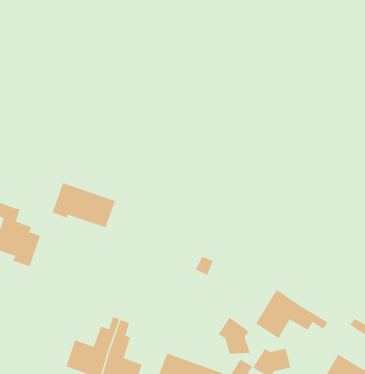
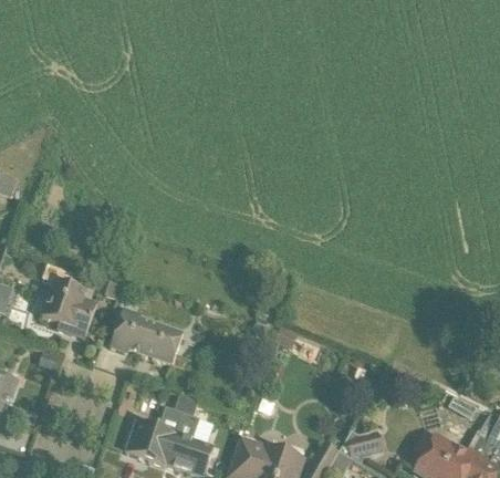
building: [52,182,116,228] -> [110,311,183,363]
building: [255,289,328,339] -> none
building: [218,317,251,355] -> none

